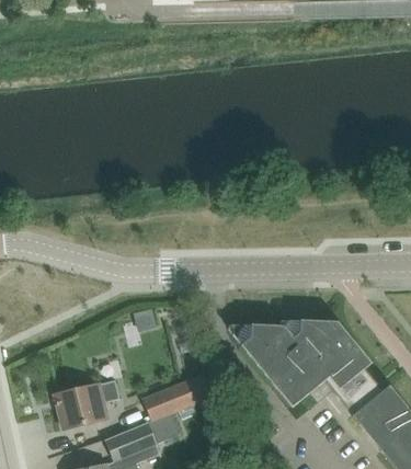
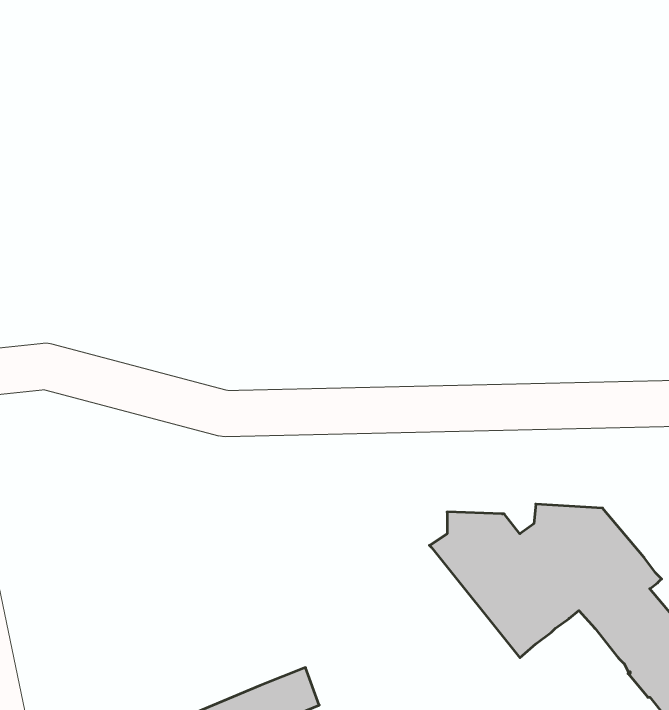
building: [142,374,212,421] -> none
building: [56,378,118,427] -> none

